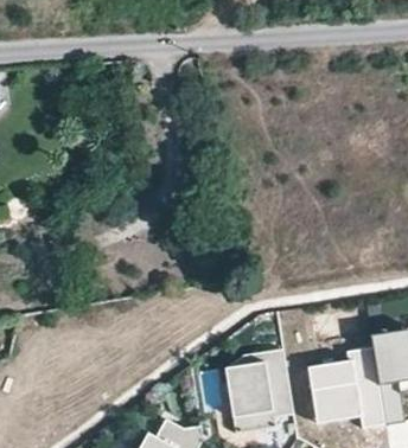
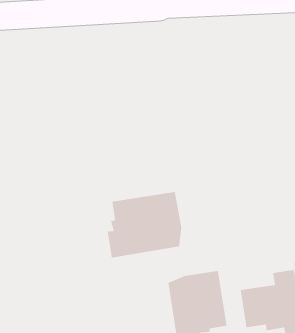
building: none -> [107,191,182,258]

